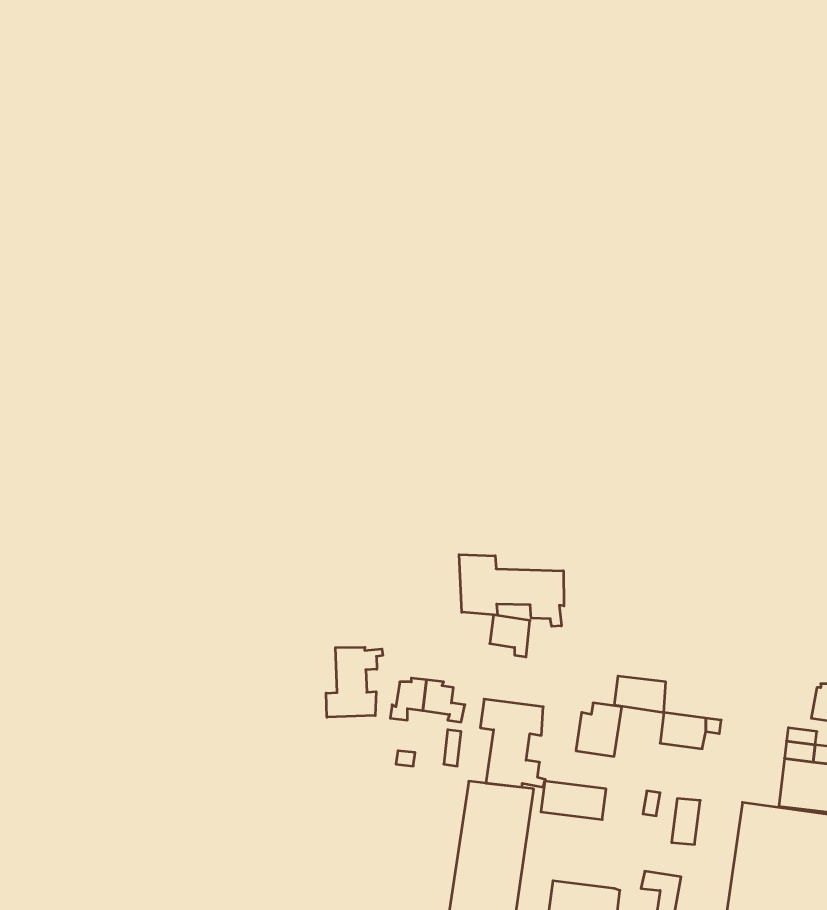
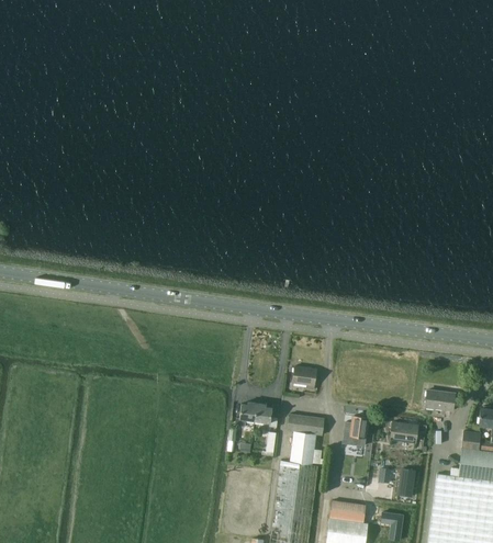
building: [459,555,564,626] -> none
building: [326,647,383,717] -> none
building: [614,676,666,712] -> [424,391,453,411]
building: [541,781,606,820] -> [328,501,366,523]

